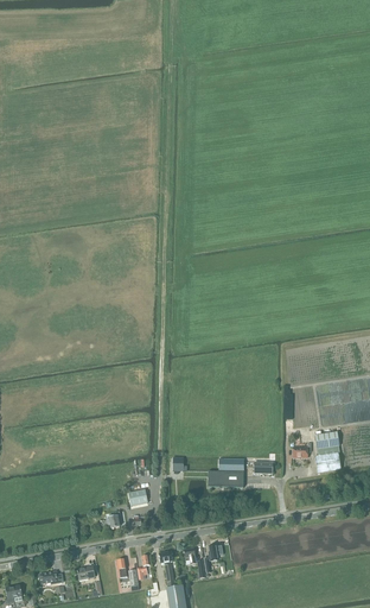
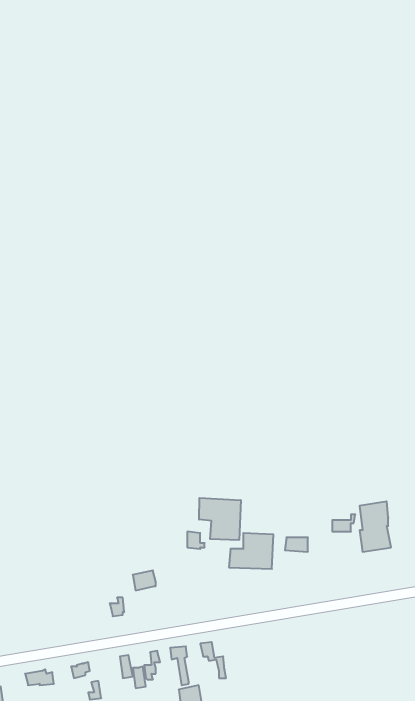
building: none -> [199,498,241,540]

